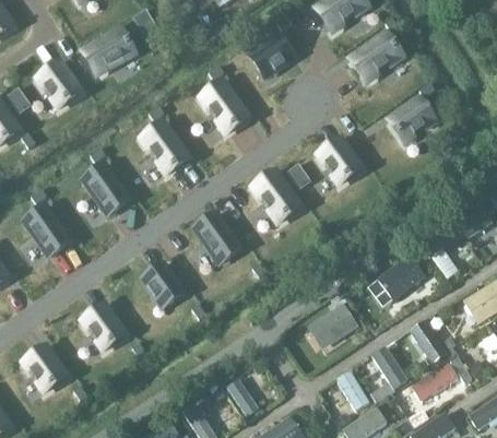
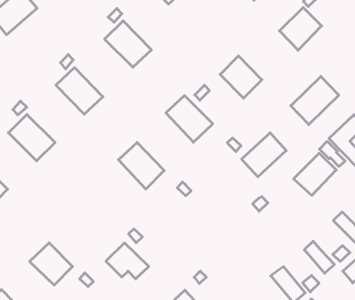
building: none -> [291,76,339,125]
building: [140,262,185,303] -> [106,243,149,279]
building: [307,305,356,350] -> [242,133,286,177]

